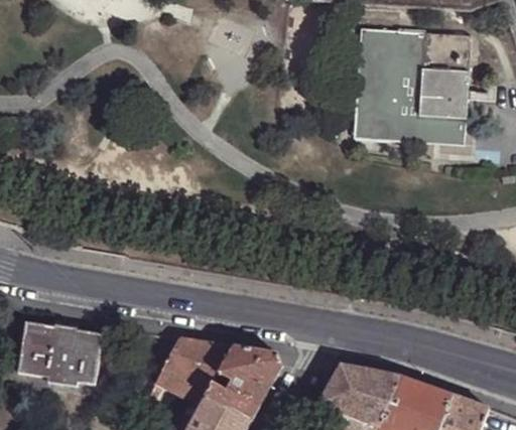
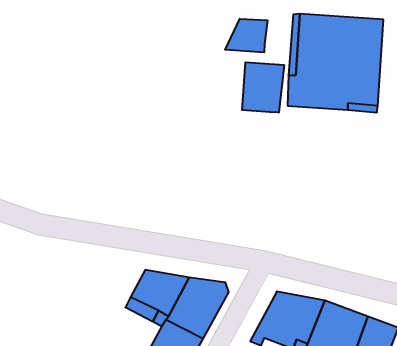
building: none -> [225,19,267,52]
building: none -> [242,62,284,113]
building: [18,320,102,387] -> none

